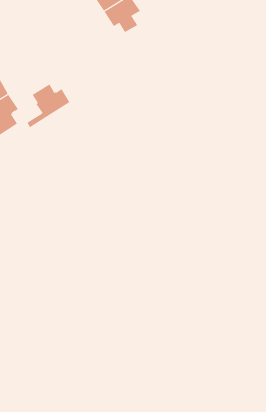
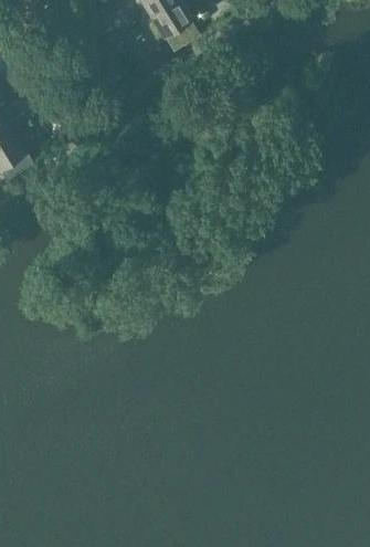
building: [27,84,70,128] -> none

